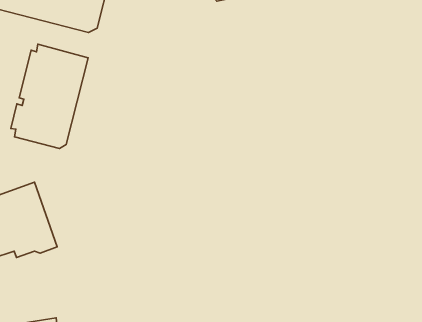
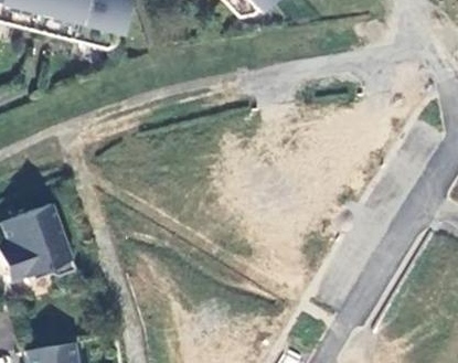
building: [11,44,88,148] -> none

